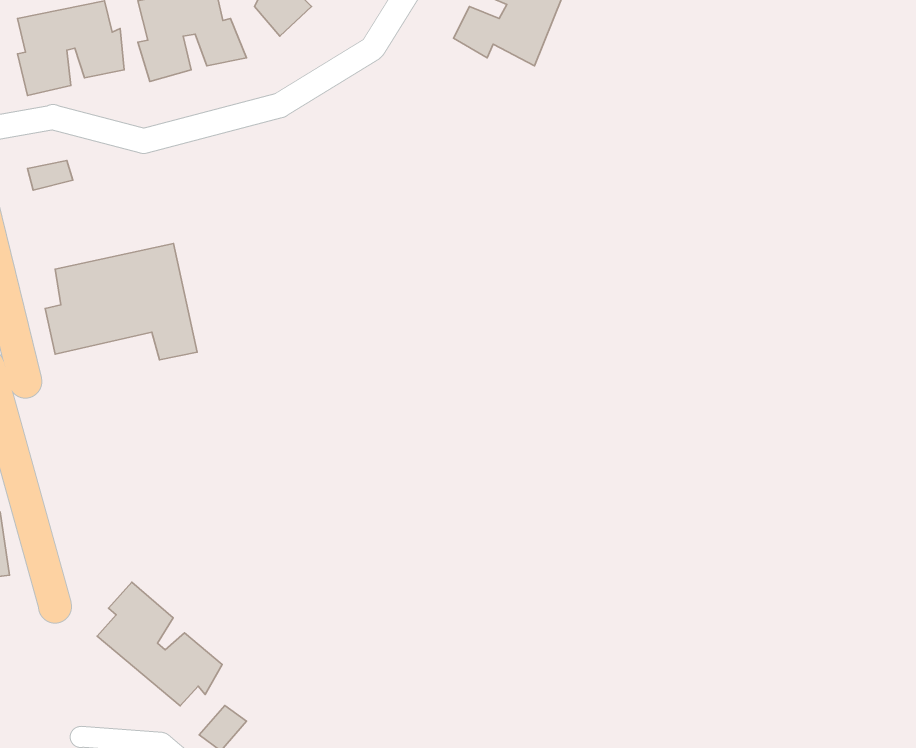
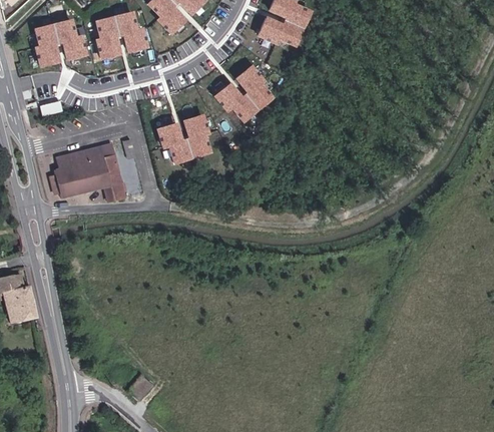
building: none -> [212,67,271,123]
building: none -> [155,117,205,165]
building: [97,582,222,706] -> none

